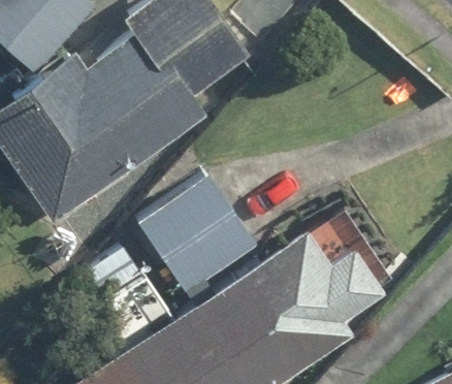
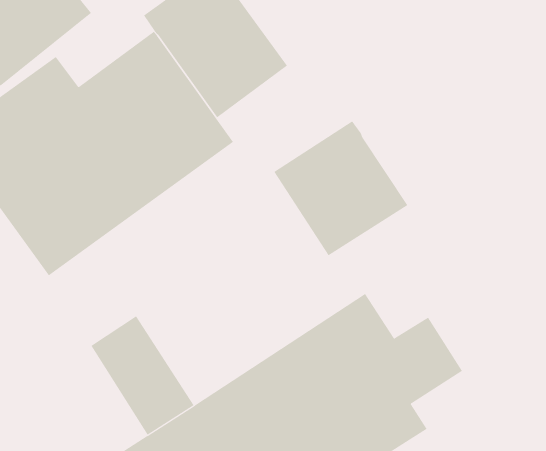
building: none -> [274,120,408,256]
building: [136,174,257,298] -> none

